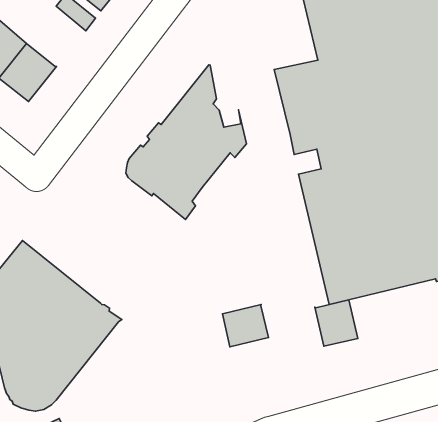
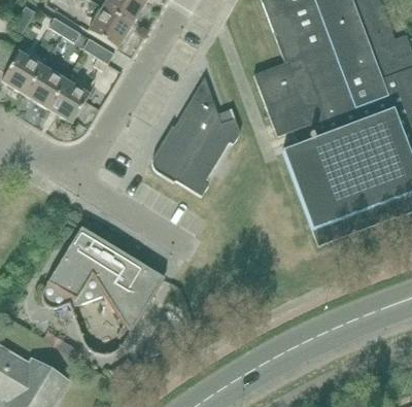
building: [315,300,358,346] -> none
building: [223,305,268,347] -> none

